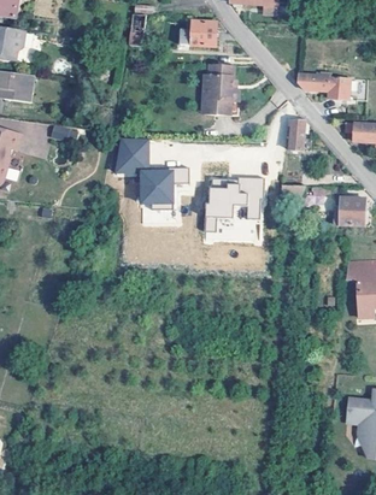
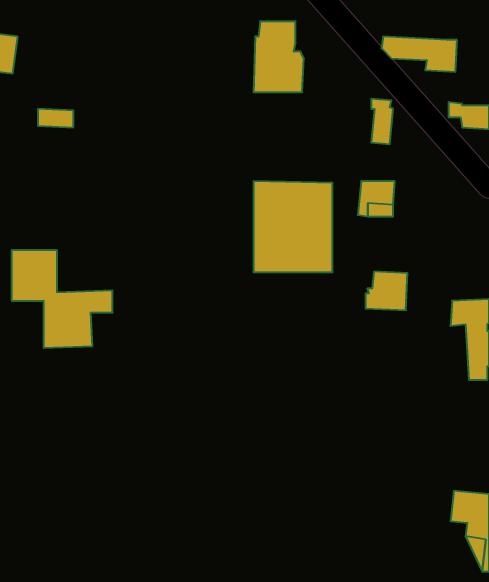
building: [116,139,188,208] -> [12,250,113,348]
building: [335,198,365,225] -> [366,272,408,310]

